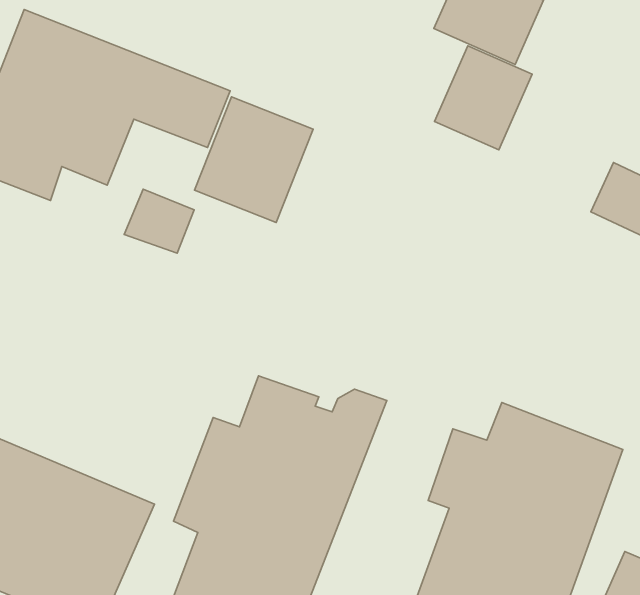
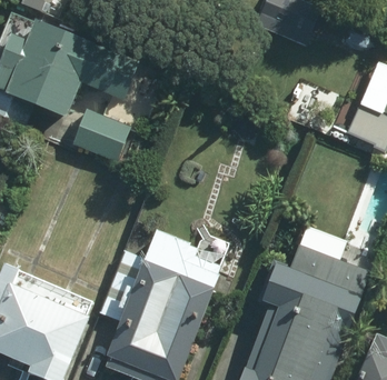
building: [434,46,532,150] -> none
building: [194,97,313,222] -> none

